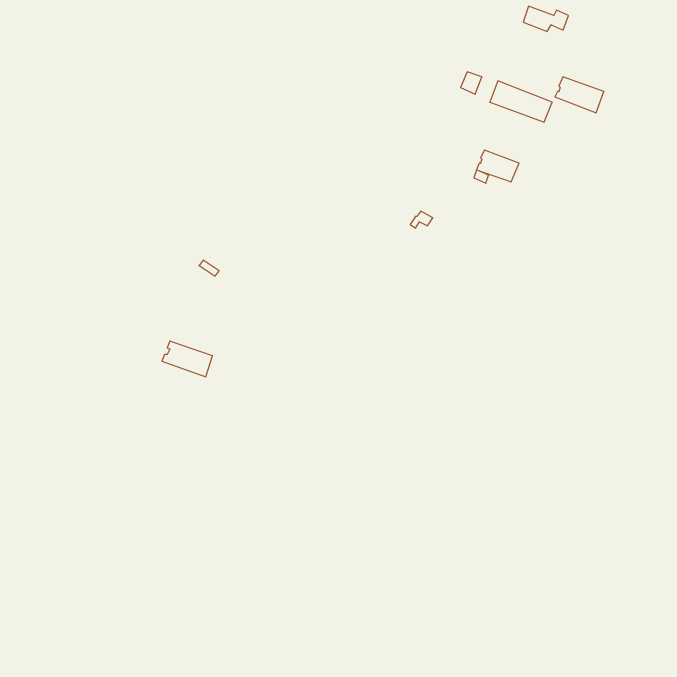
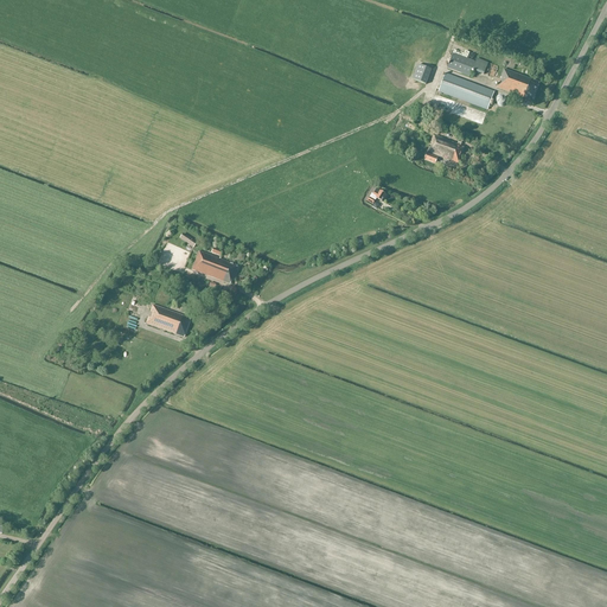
building: [523,6,568,31] -> [447,53,487,76]
building: none -> [191,250,236,283]

